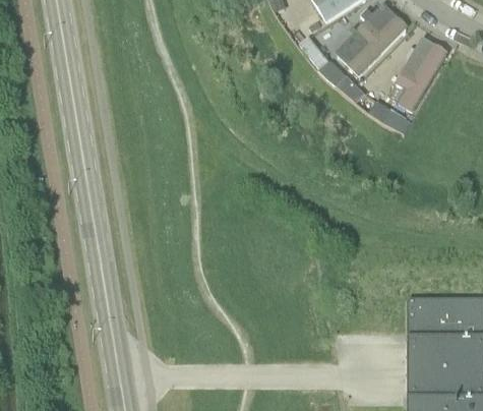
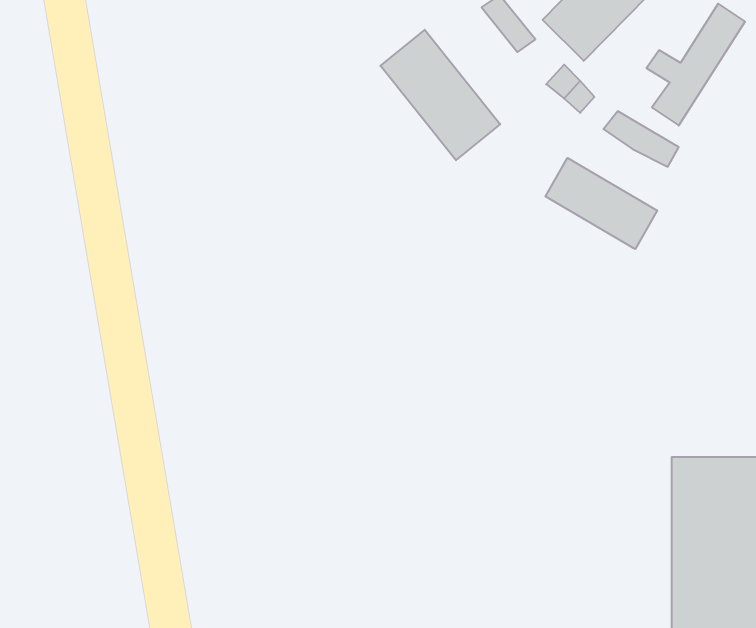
building: none -> [380,30,500,160]
building: none -> [545,158,657,249]

